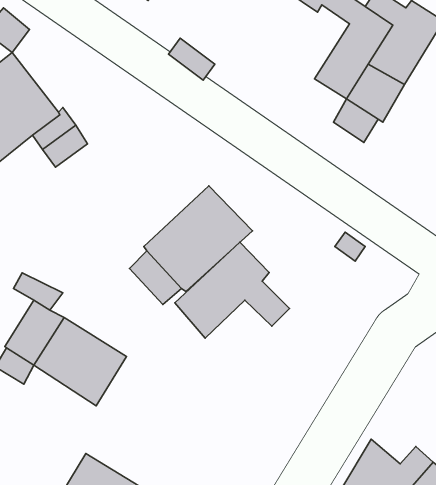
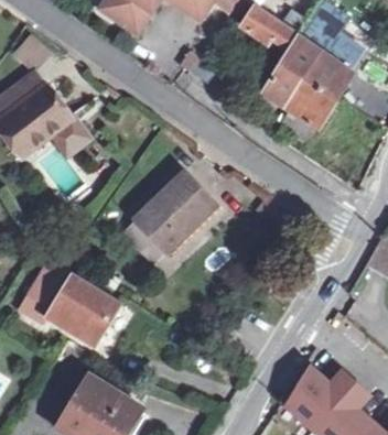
building: [175,242,289,338] -> none

